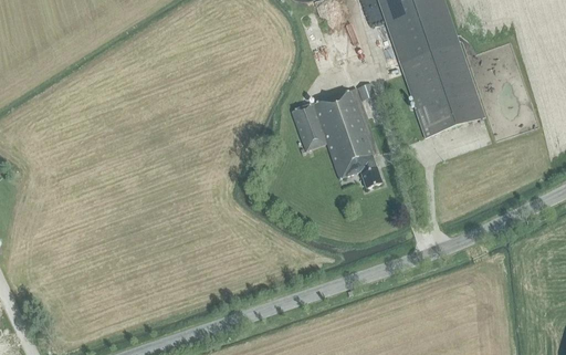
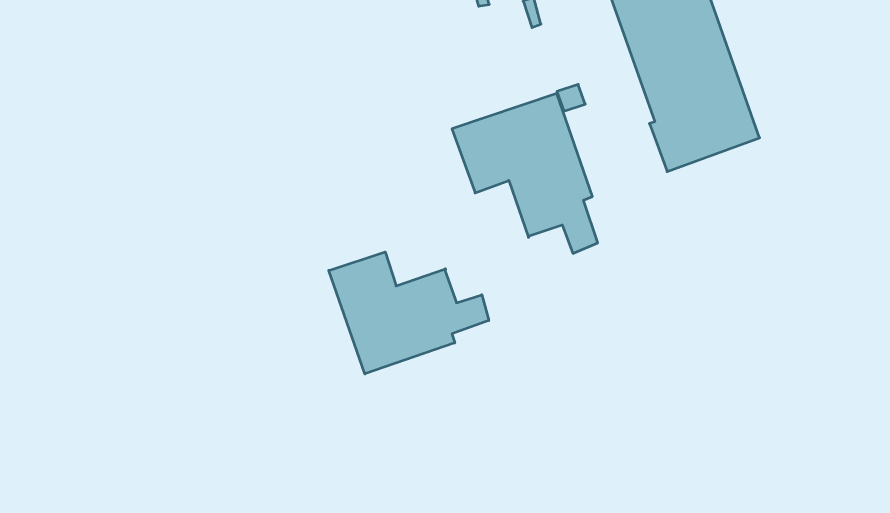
building: none -> [329,252,489,374]

